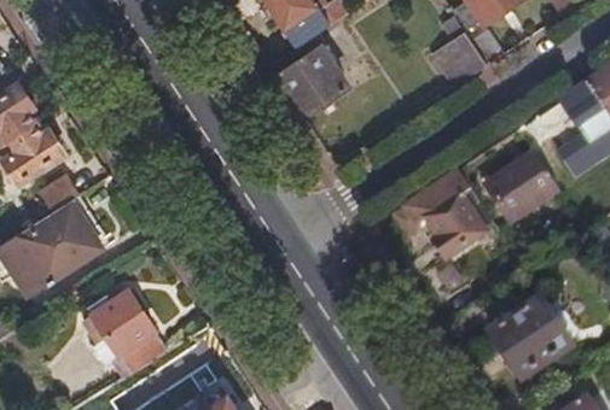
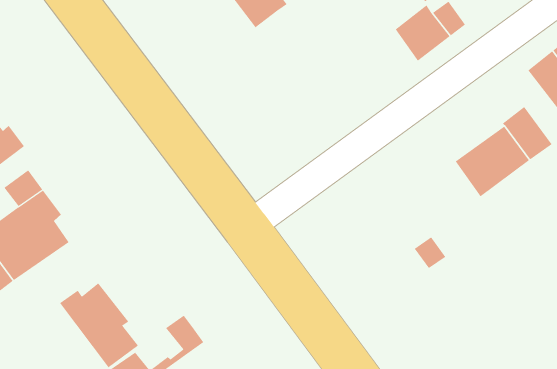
building: [268,31,348,116] -> none
building: [406,170,484,260] -> none
building: [493,303,568,377] -> none

